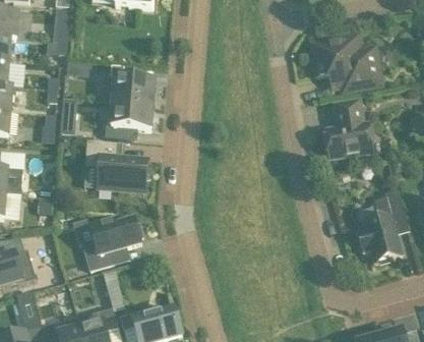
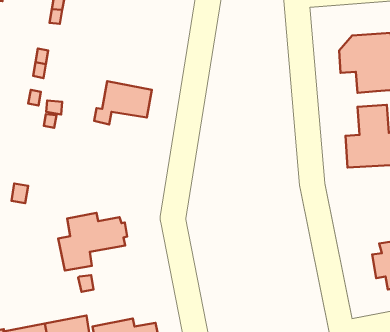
building: [110,63,155,104] -> none
building: [84,138,150,189] -> none

